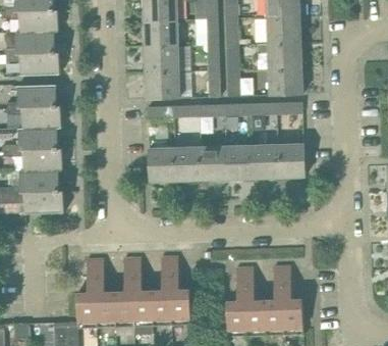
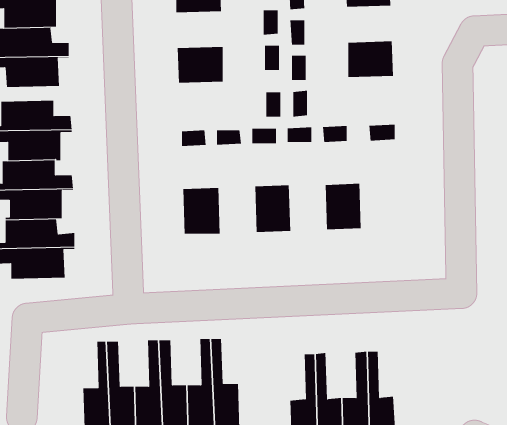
building: [267,16,300,43] -> none
building: [144,20,178,47] -> none
building: [268,67,302,95] -> none
building: [146,71,179,99] -> none
building: [277,144,304,178] -> none
building: [226,146,253,180] -> none
building: [175,147,202,182] -> none

